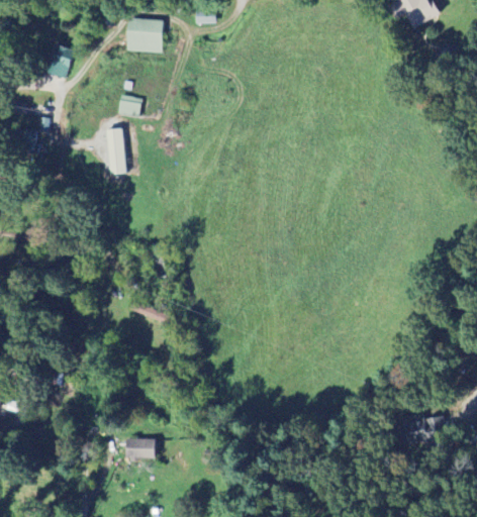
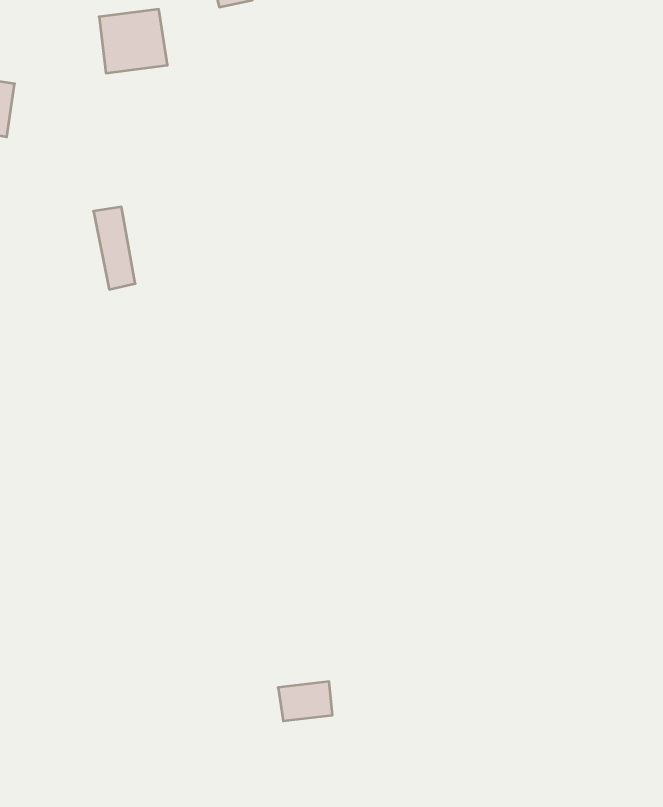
building: [118,93,142,116] -> none
building: [125,437,155,457] -> [278,682,332,721]

